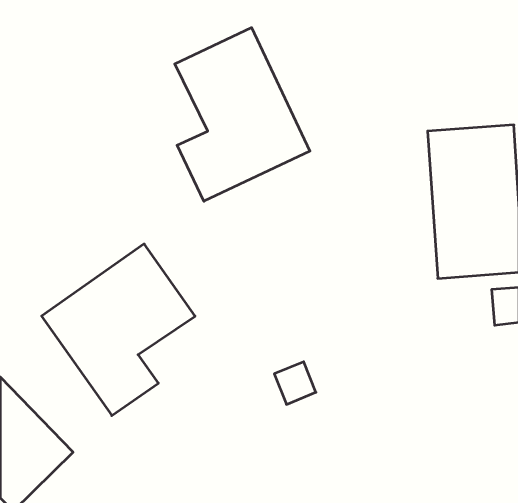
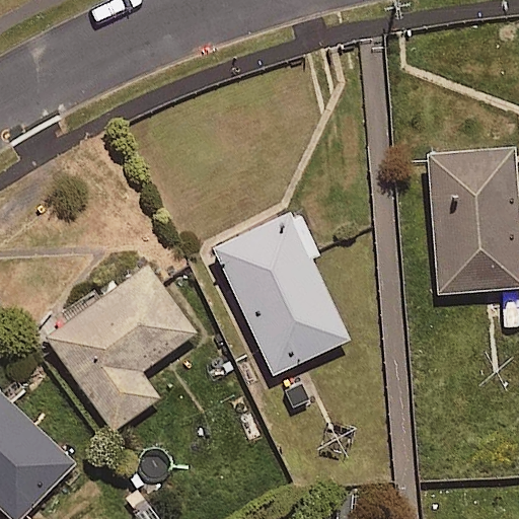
building: [175,28,310,201] -> none
building: none -> [212,209,348,374]

